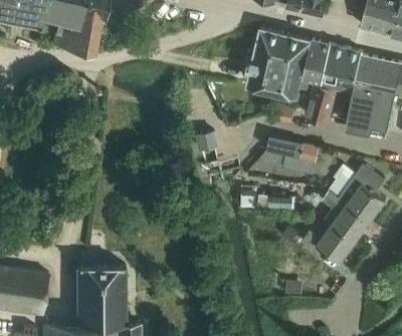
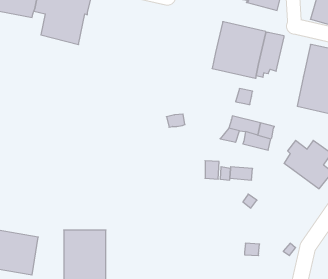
building: [305,46,361,122] -> none
building: [300,191,370,263] -> none

